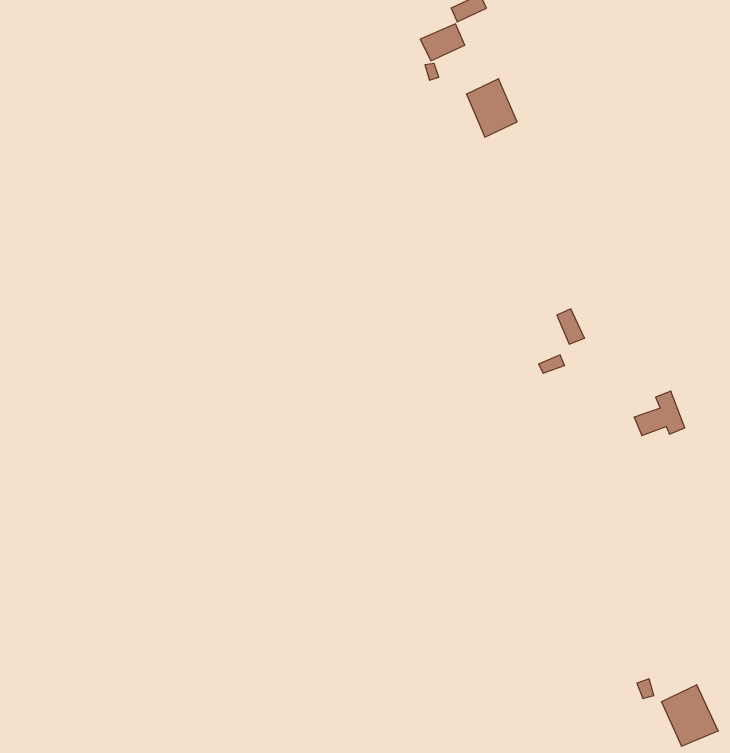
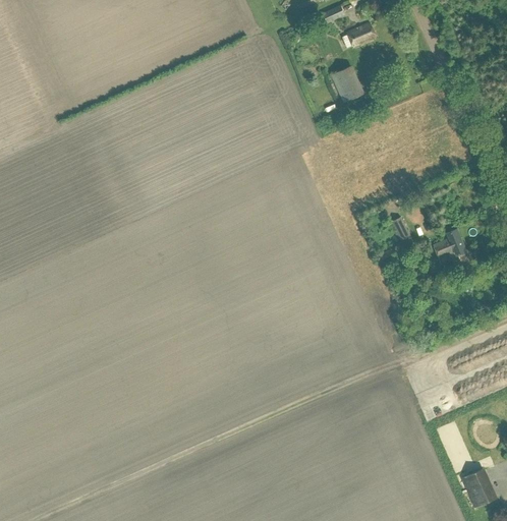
building: [420,24,465,61] -> [346,22,376,47]
building: [634,391,685,436] -> [433,228,466,257]

